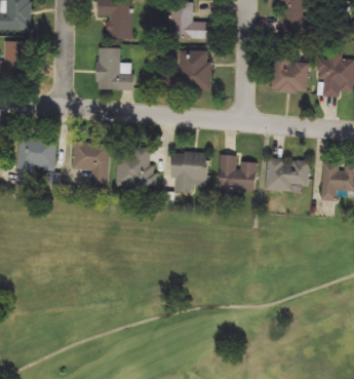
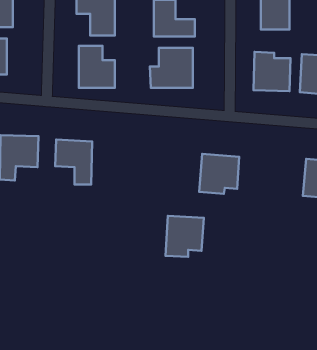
building: [117,146,156,188] -> none
building: [170,151,208,192] -> [166,216,204,257]
building: [266,158,309,192] -> none

